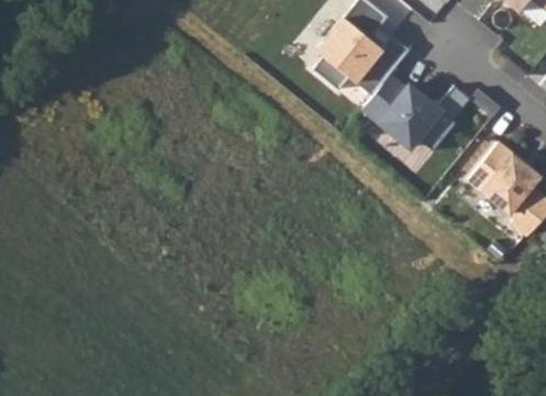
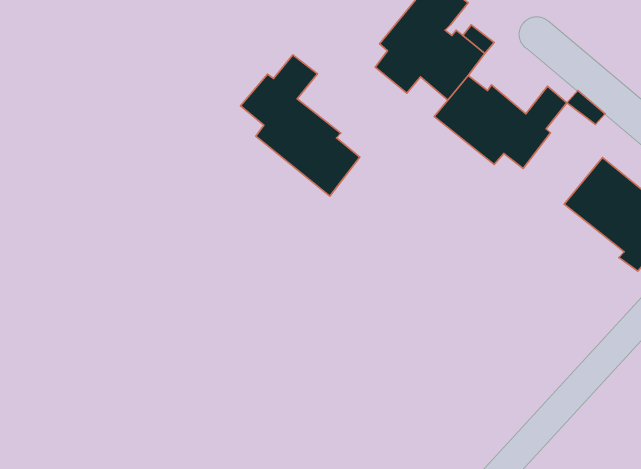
building: none -> [241,55,360,196]

